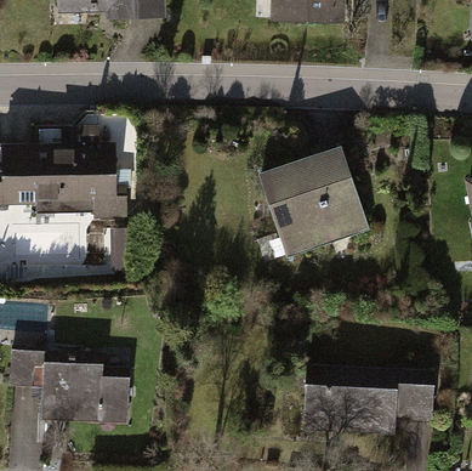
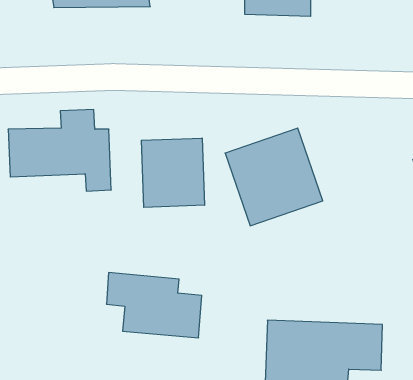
building: none -> [141,138,205,207]
building: [18,350,125,422] -> [106,273,202,338]

